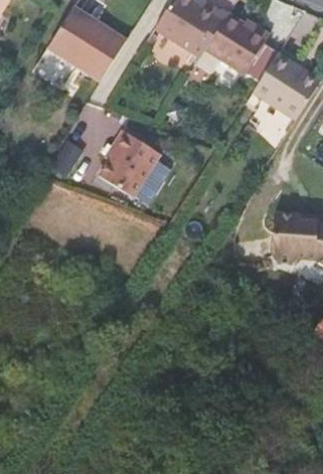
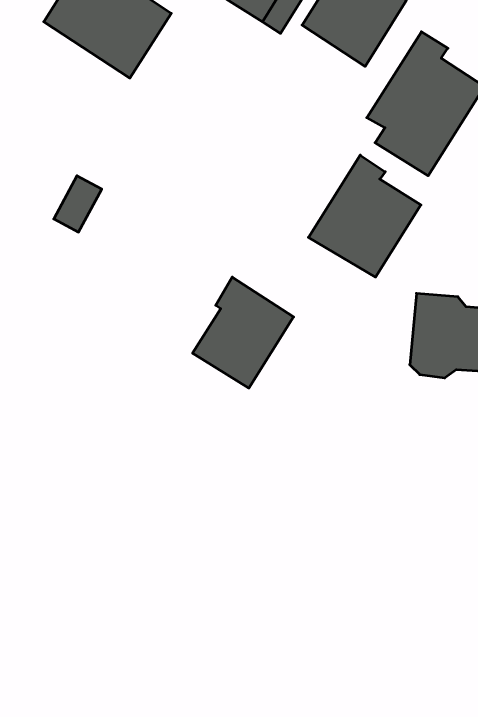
building: none -> [308,155,421,277]
building: [99,129,160,196] -> [193,277,294,388]

